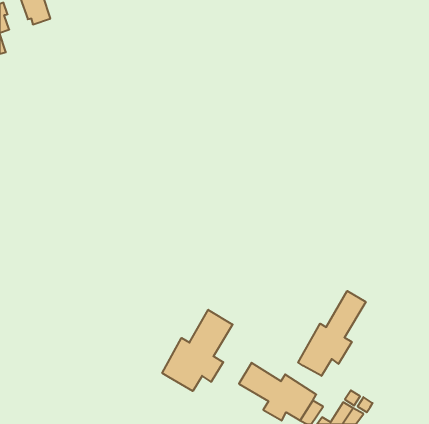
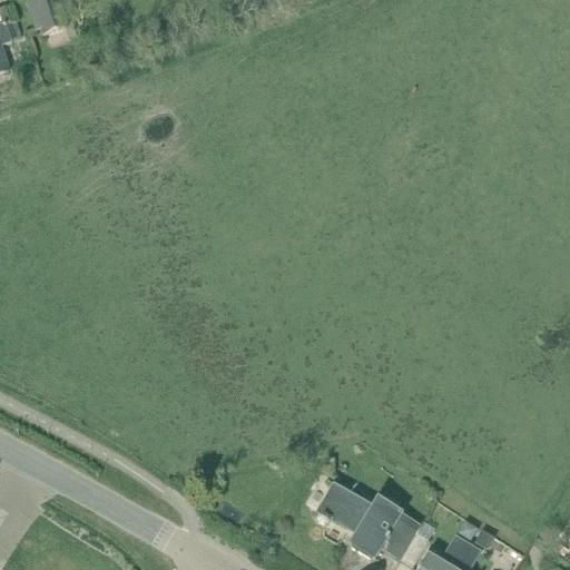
building: [298,291,366,376] -> none
building: [162,310,233,391] -> none

